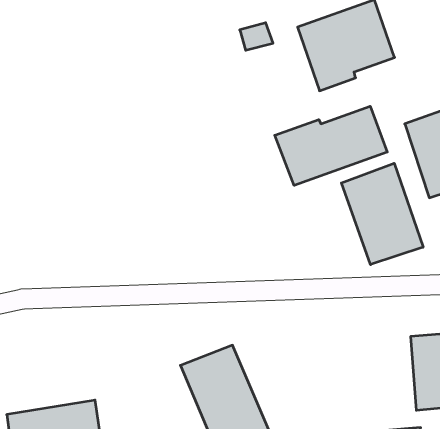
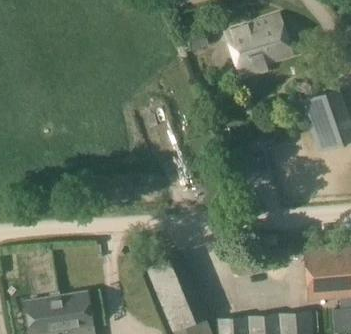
building: [275,106,387,185] -> none
building: [341,163,423,265] -> none

